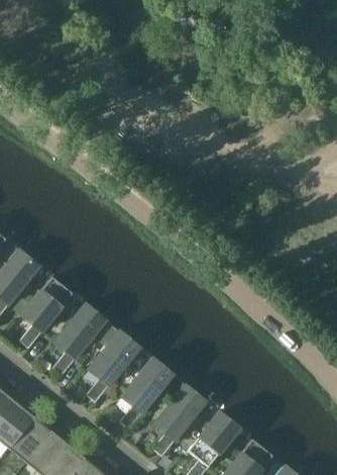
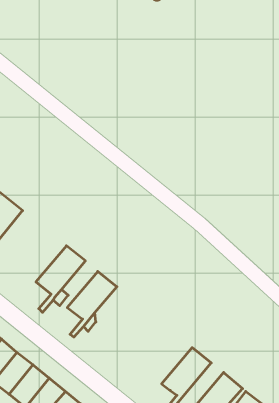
building: [20,277,73,348] -> none
building: [120,358,173,429] -> none
building: [154,378,206,456] -> none

